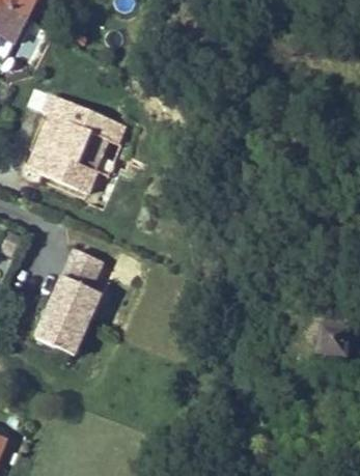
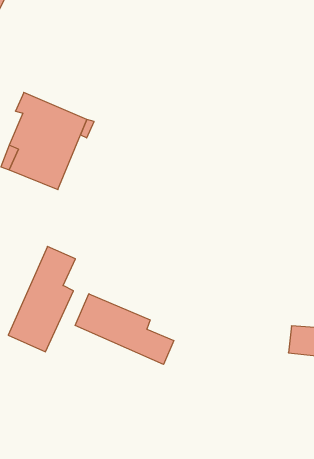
building: none -> [75,294,174,364]

